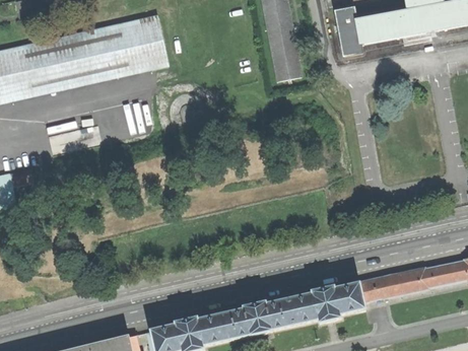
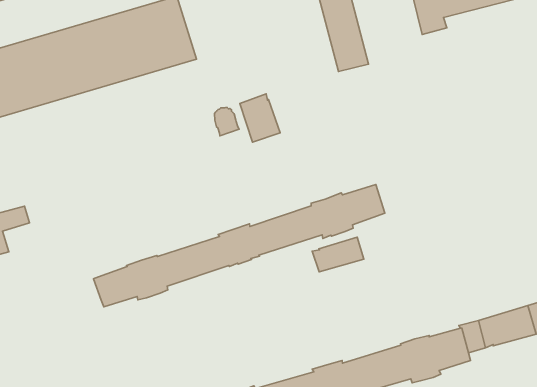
building: none -> [240,94,280,142]
building: none -> [93,184,385,307]
building: none -> [312,237,364,272]

